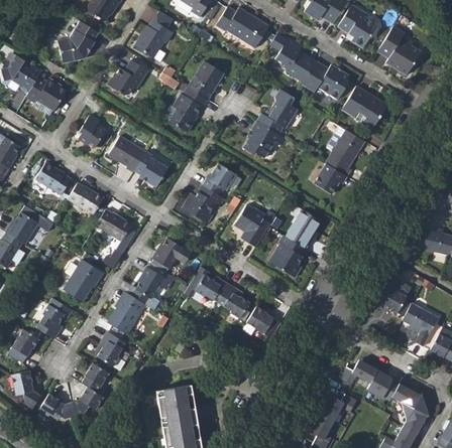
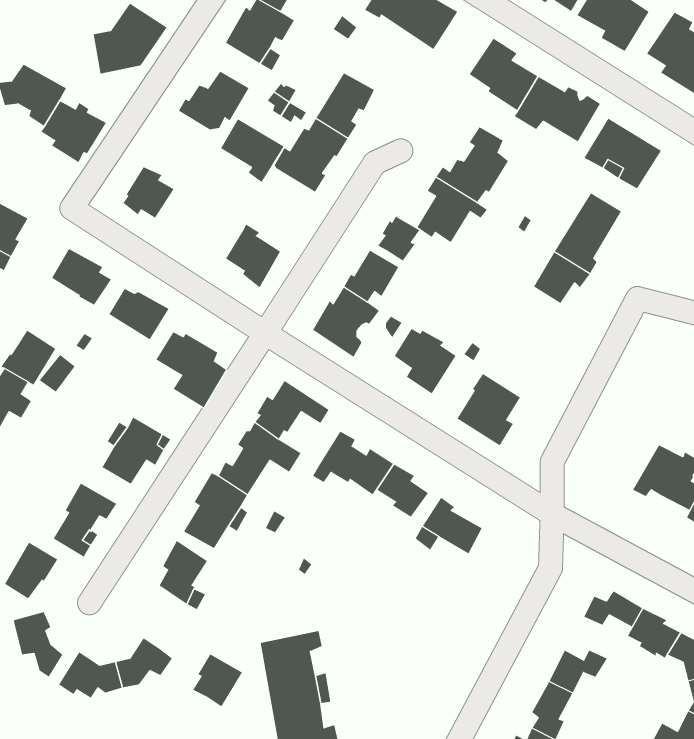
building: [109,134,146,171] -> [220,119,284,183]
building: none -> [378,215,420,262]
building: [291,211,319,243] -> none
building: [80,362,109,394] -> [192,653,243,707]

